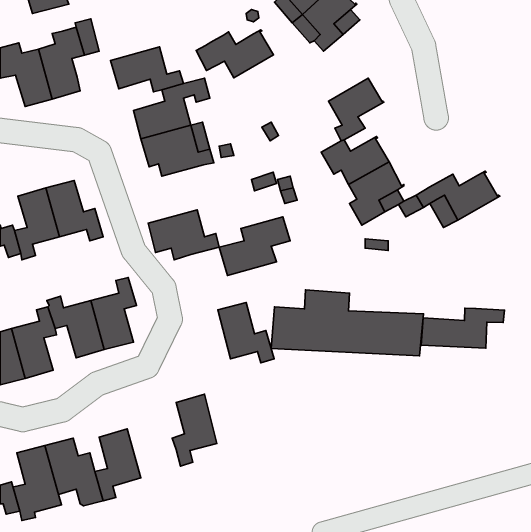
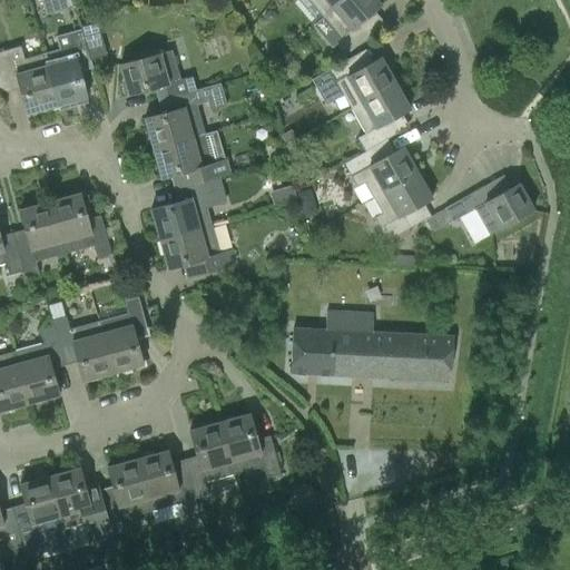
building: [196,30,273,78] -> [313,57,395,108]
building: [219,217,290,275] -> [151,176,227,238]
building: [218,302,274,363] -> [220,413,281,478]
building: [421,308,505,348] -> none
building: none -> [138,450,198,514]

